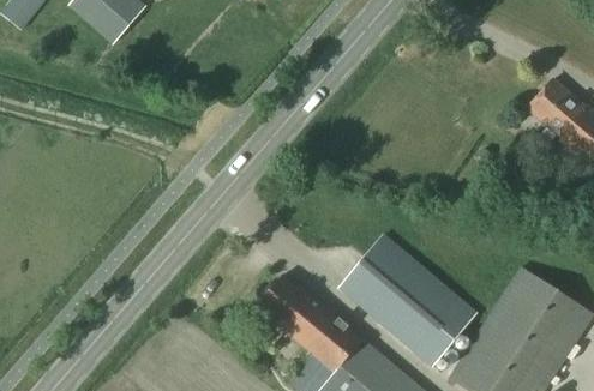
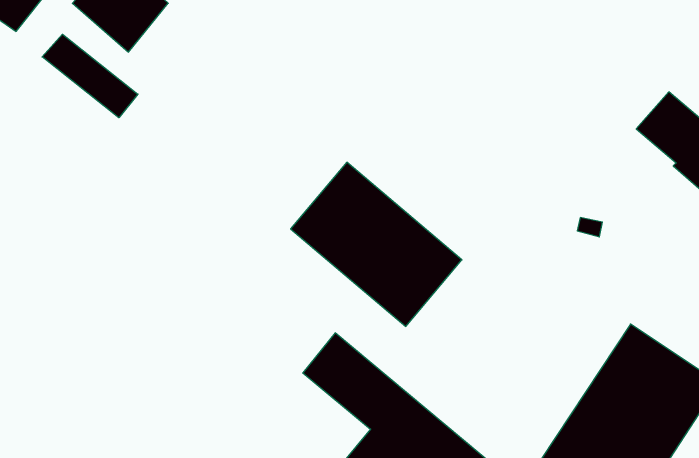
building: none -> [42,34,138,118]
building: [338,233,478,366] -> [291,162,462,326]

